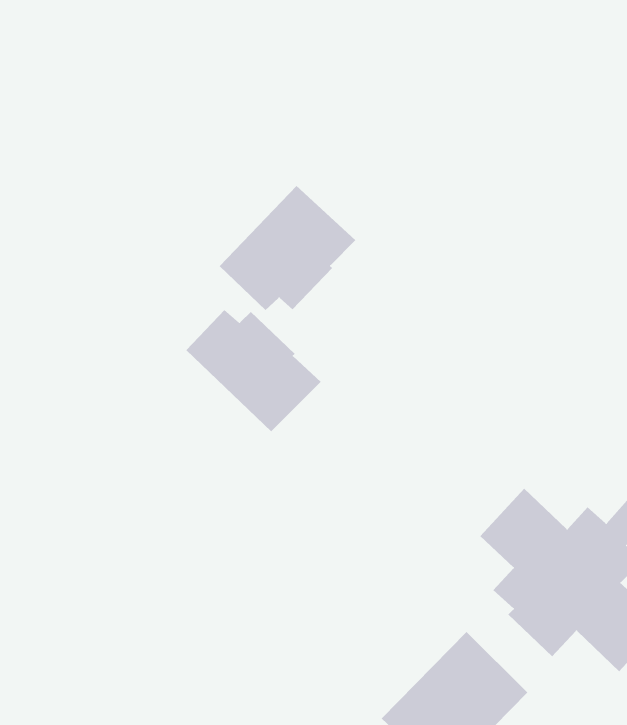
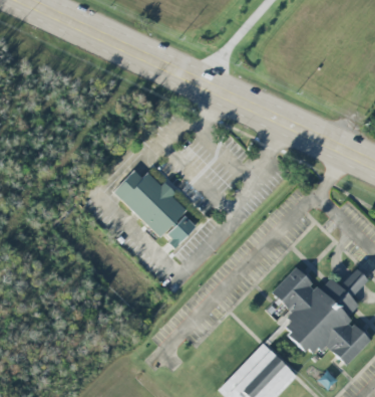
building: [219,185,356,311] -> none
building: none -> [164,215,196,247]

